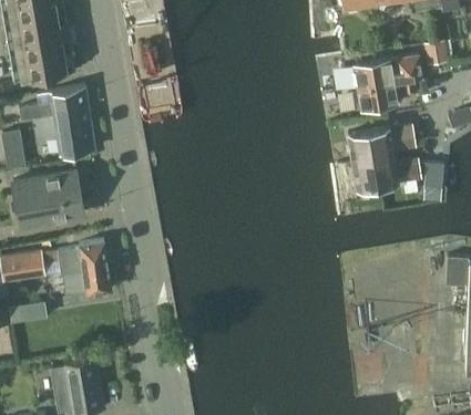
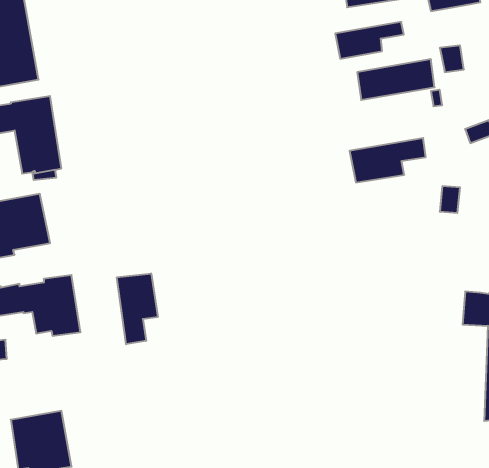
building: [356,80,416,112] -> [335,22,404,59]
building: [351,155,420,190] -> none
building: none -> [117,273,158,344]

